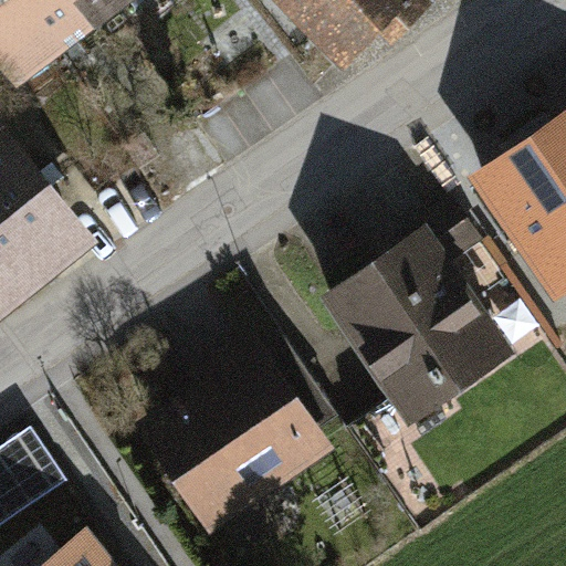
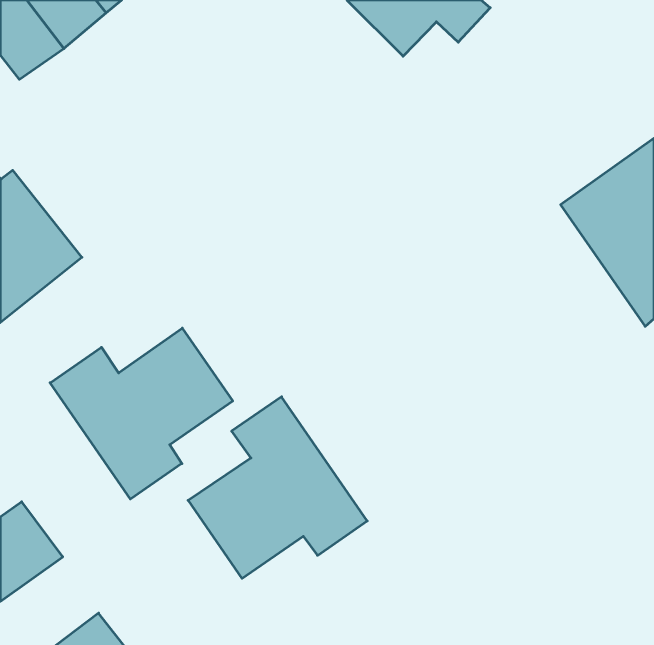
building: [332,216,504,419] -> none
building: none -> [50,328,233,499]

